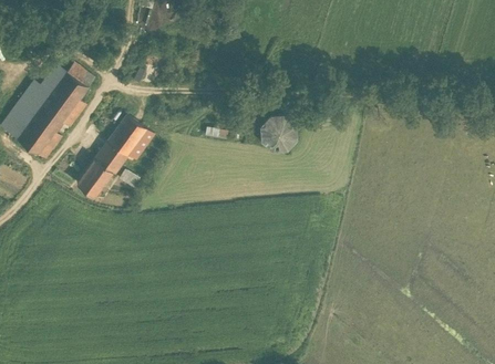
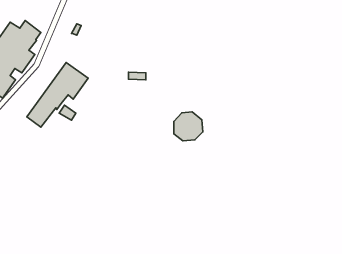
building: [261,115,298,152] -> [174,112,203,141]

